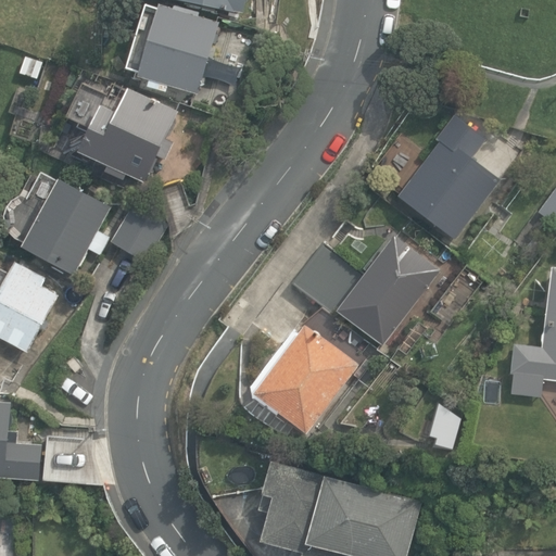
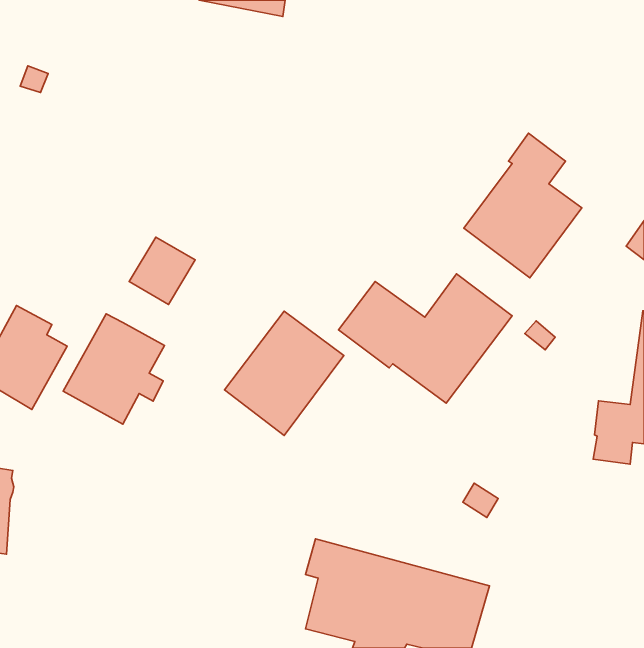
building: [138,5,218,93] -> none
building: [68,83,176,181] -> none
building: [23,179,110,274] -> [63,314,165,424]
building: [254,325,356,431] -> [225,311,344,435]

